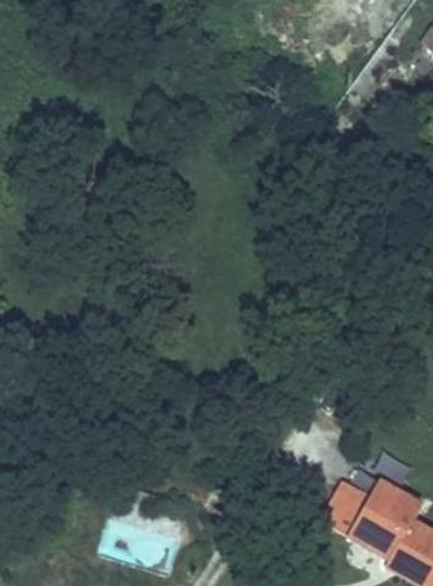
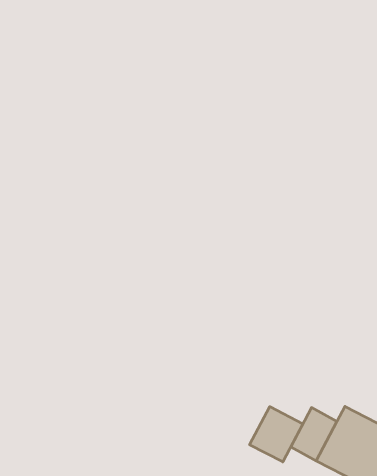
building: none -> [250,407,303,462]

